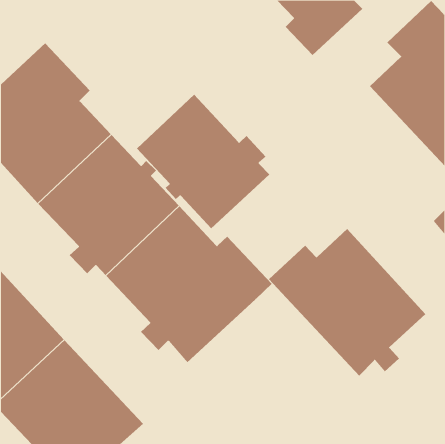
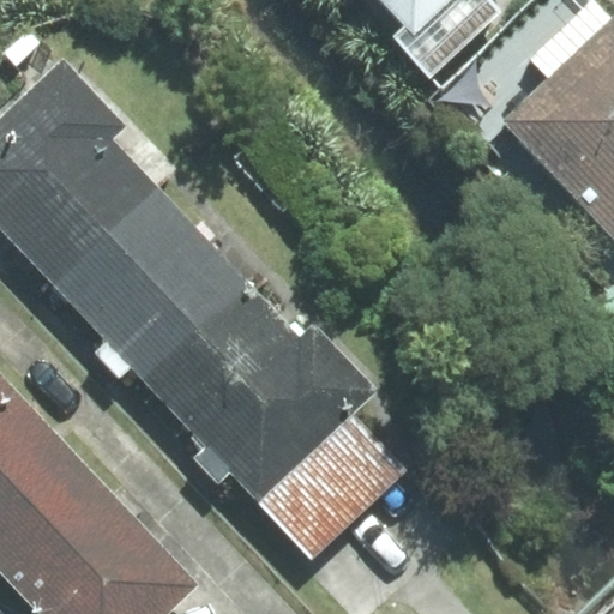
building: [136,94,270,229] -> none
building: [268,228,426,376] -> none
building: none -> [258,414,405,558]

